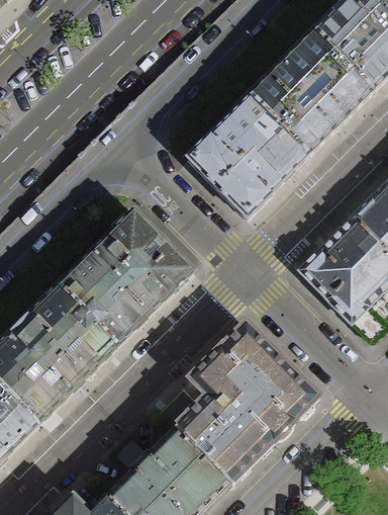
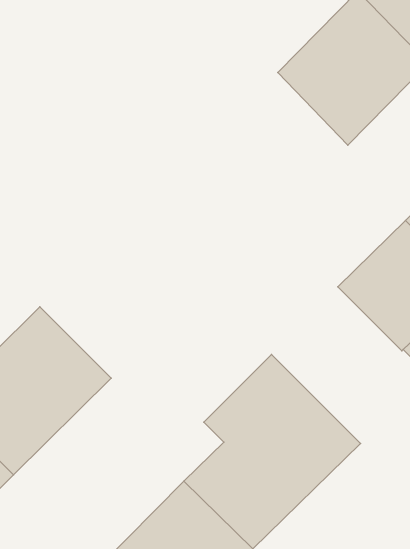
building: [187,97,305,216] -> none
building: [57,211,190,344] -> none

